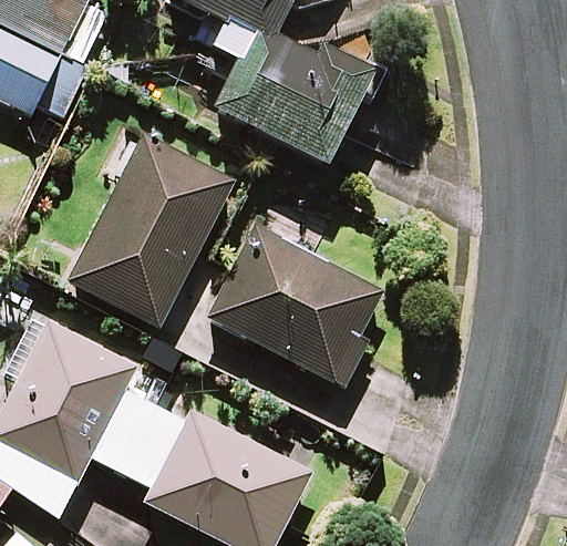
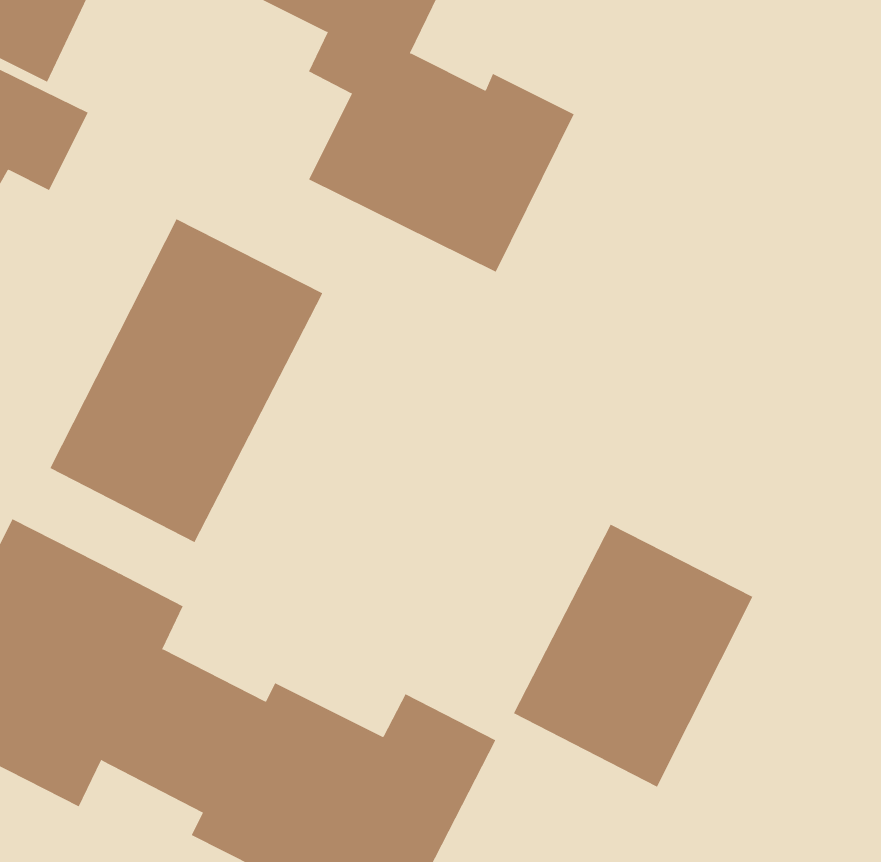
building: [212,228,385,384] -> none
building: none -> [513,524,753,788]

